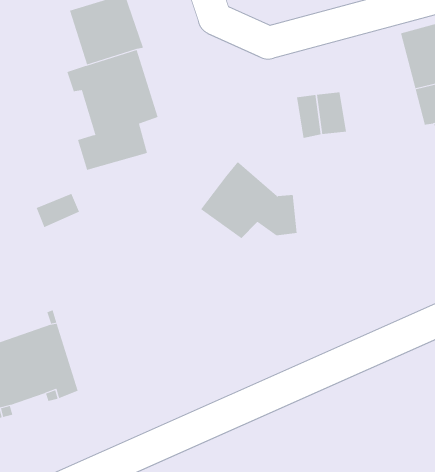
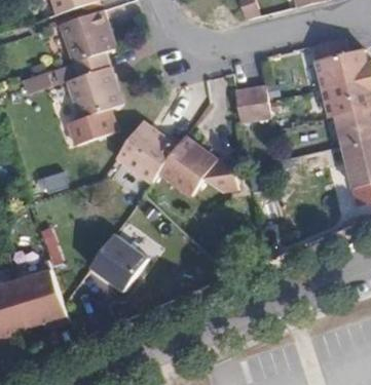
building: none -> [109,120,177,189]
building: none -> [88,232,147,291]

